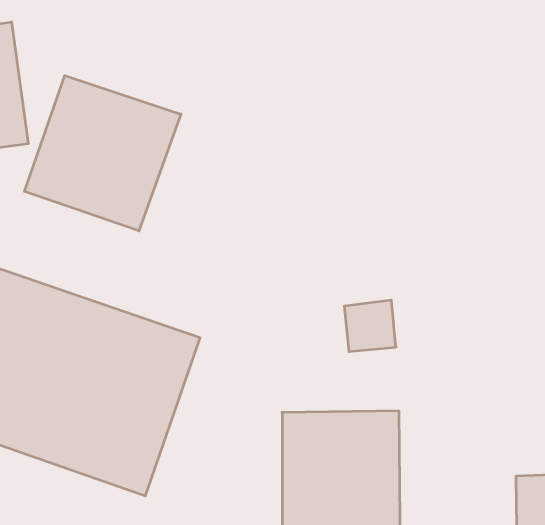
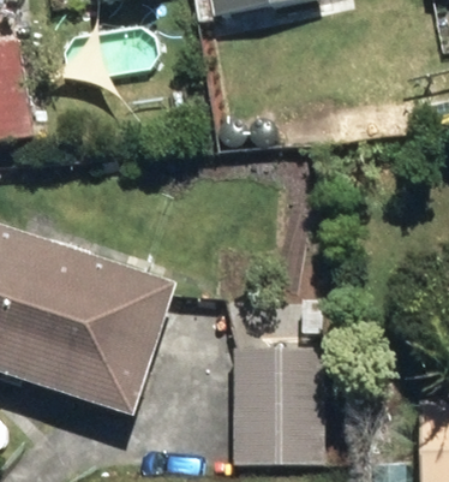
building: [24,76,181,231] -> none

